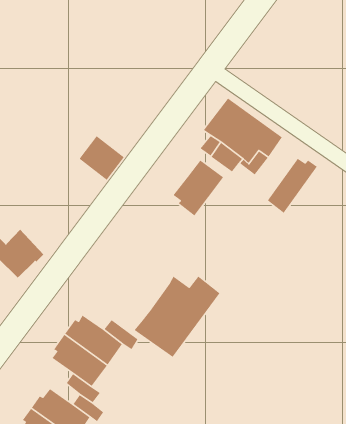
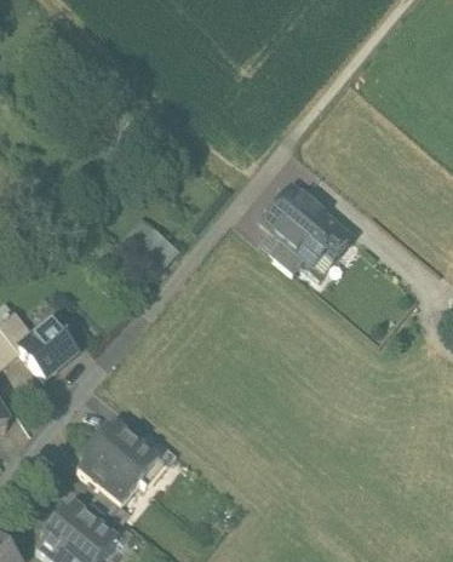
building: [267,158,318,214] -> none
building: [173,159,224,216] -> none
building: [133,276,221,358] -> none

